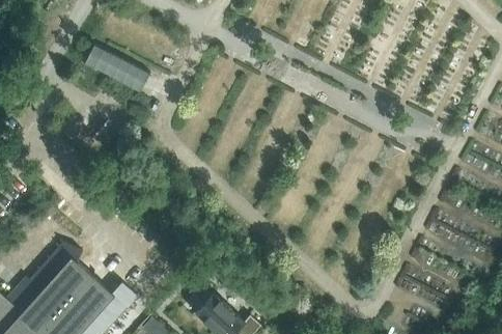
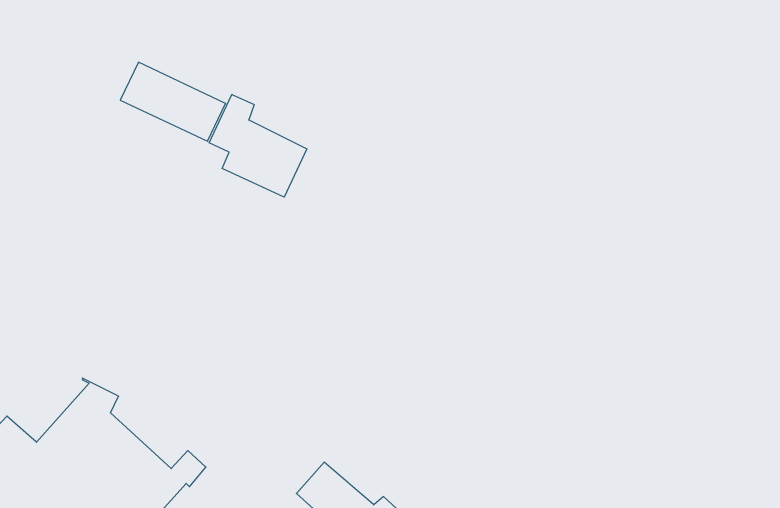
building: none -> [209,94,307,197]

